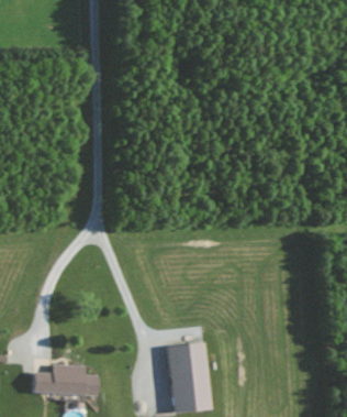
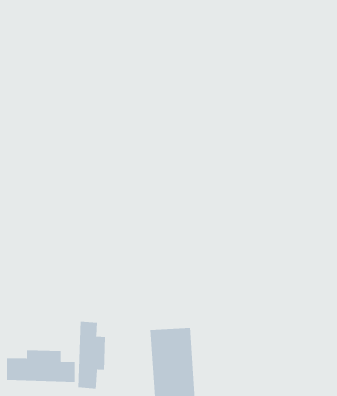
building: none -> [78,321,106,389]

